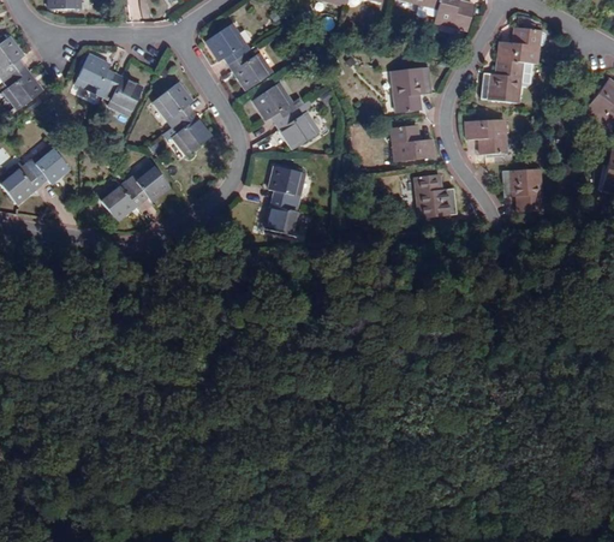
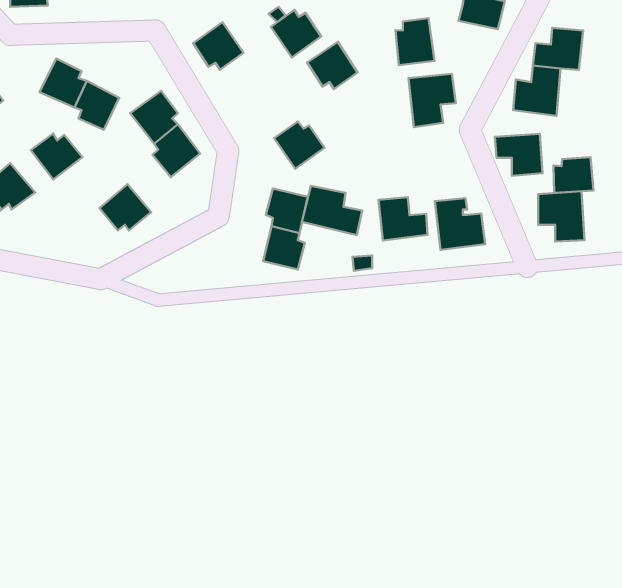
building: none -> [396,18,434,65]
building: [228,49,272,90] -> [271,10,321,57]
building: [252,82,296,123] -> [307,42,358,89]
building: [391,125,433,162] -> [379,197,428,240]
building: none -> [553,157,594,193]
building: none -> [302,186,362,235]
building: [96,181,141,221] -> [31,133,82,180]

